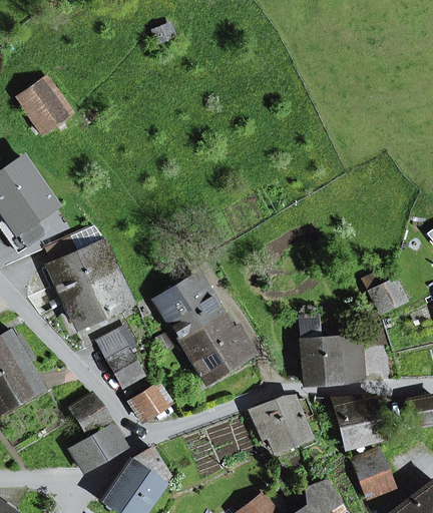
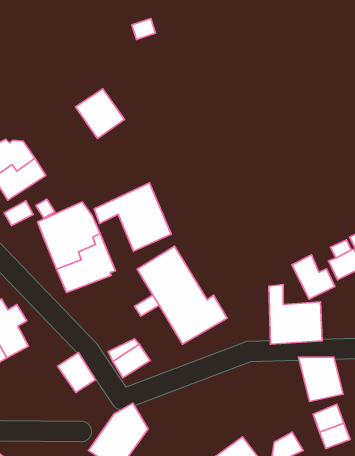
building: [16,77,70,132] -> [76,89,125,139]
building: none -> [94,183,171,251]
building: none -> [292,255,335,299]
building: [99,328,144,387] -> none
building: [250,398,312,450] -> none
building: [71,425,124,470] -> none

